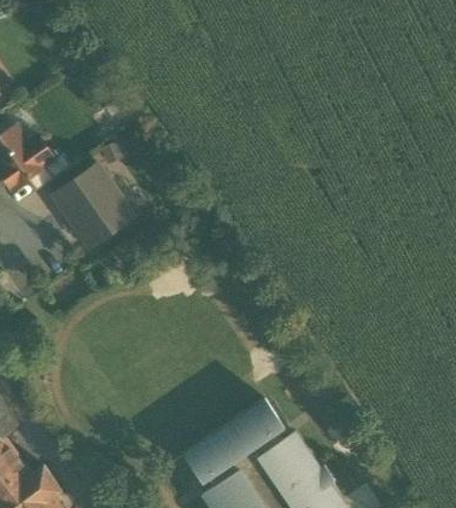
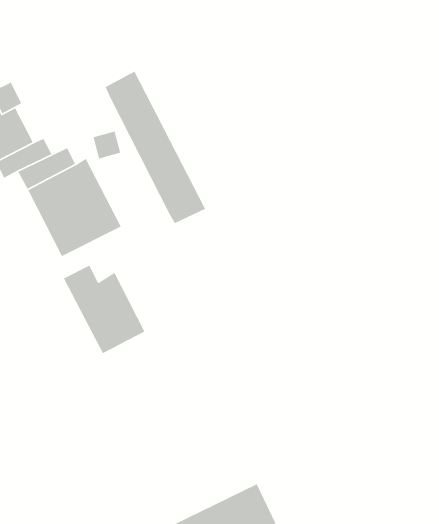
building: none -> [104,71,206,224]
building: none -> [63,265,146,354]

